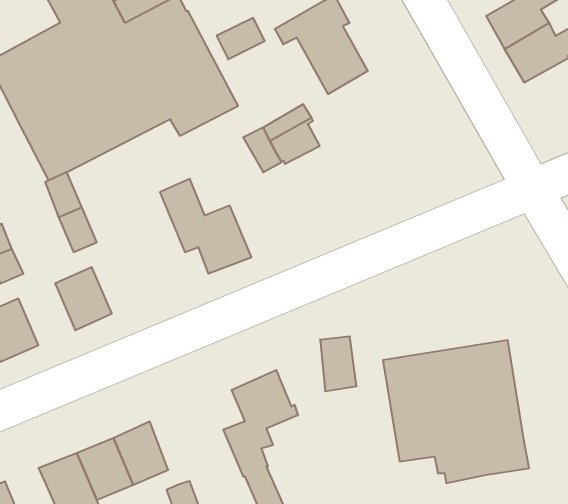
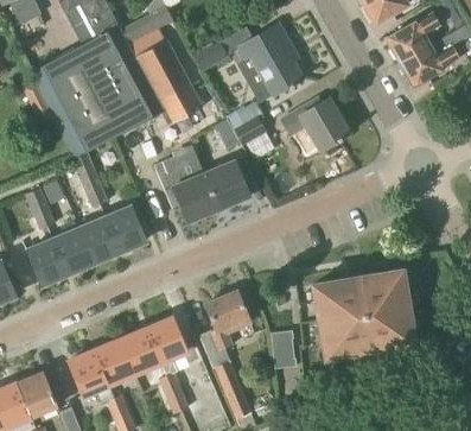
building: none -> [279,96,348,151]
building: none -> [203,161,249,211]
building: none -> [104,208,146,252]
building: none -> [52,230,93,274]
building: [320,336,357,391] -> [270,330,297,369]
building: none -> [146,318,186,363]

